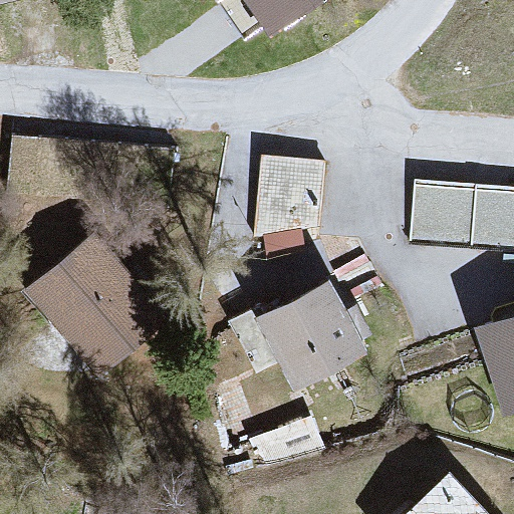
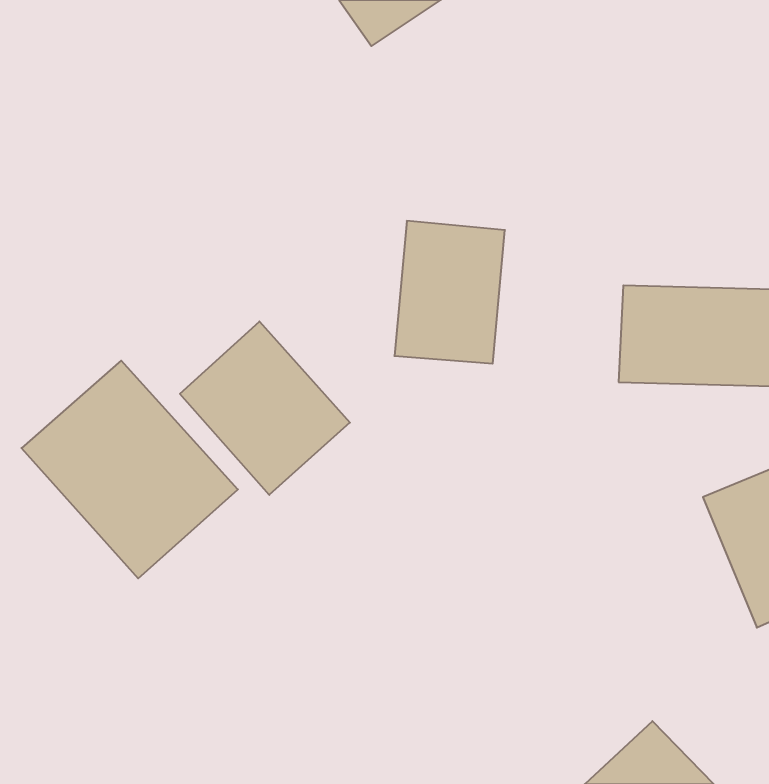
building: none -> [180,321,350,495]
building: [251,279,360,393] -> none

